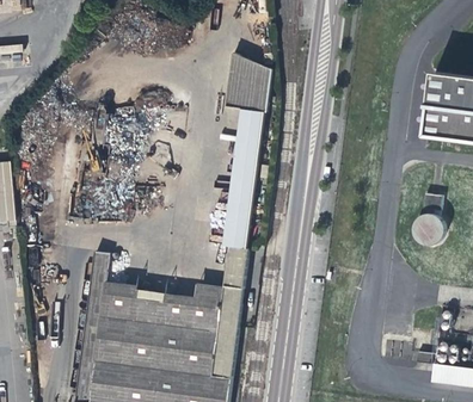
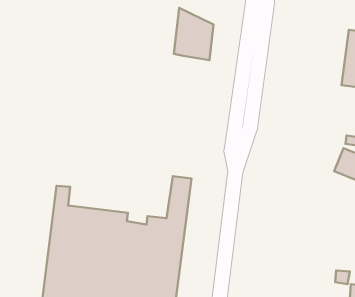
building: [219,104,265,243] -> none

